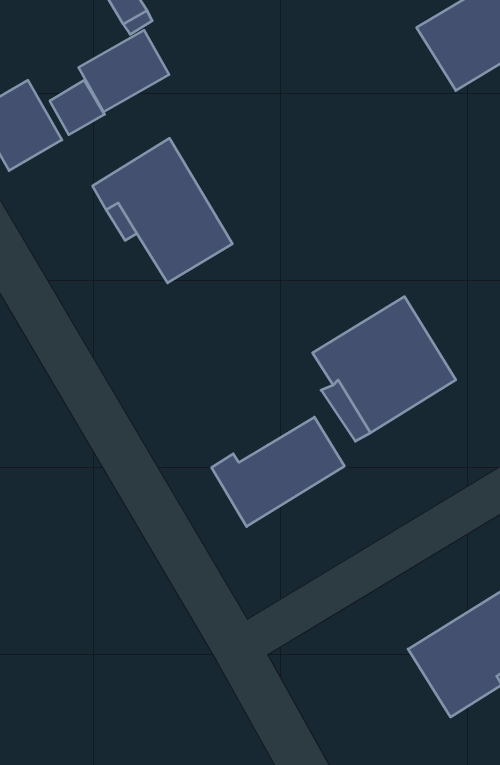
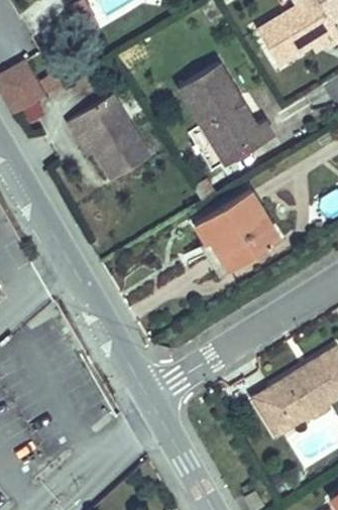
building: [79,30,169,112] -> none
building: none -> [179,63,272,164]
building: [212,417,344,527] -> none

